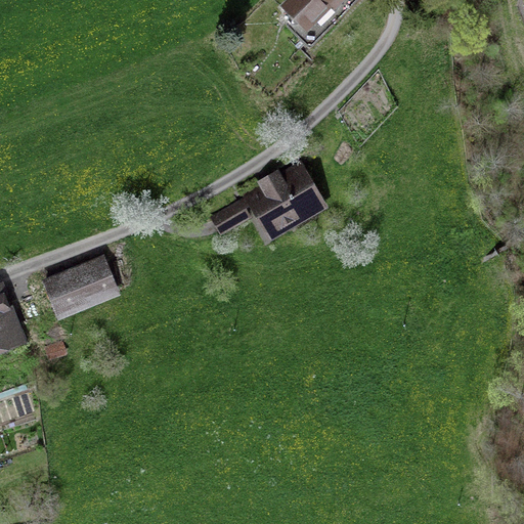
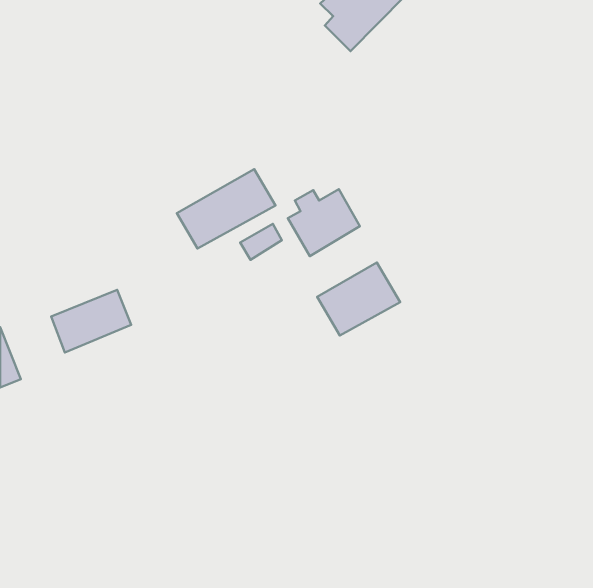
building: none -> [177,169,276,249]
building: none -> [317,263,400,335]

